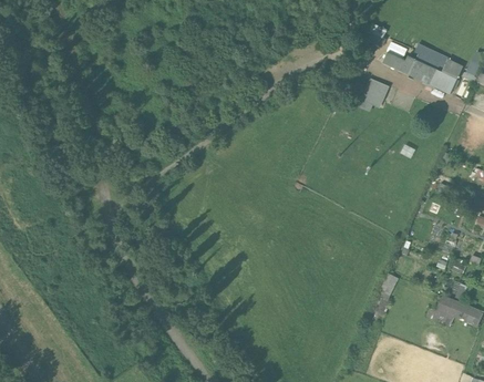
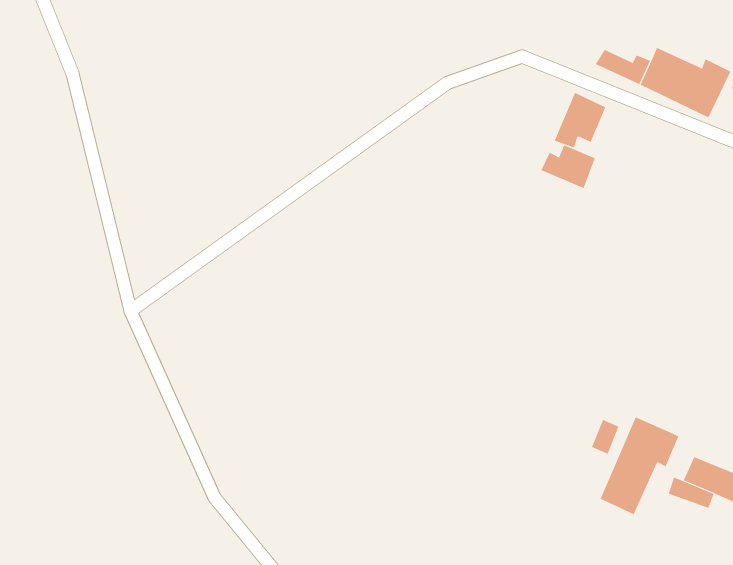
building: none -> [540,144,596,189]
building: none -> [600,417,679,515]

